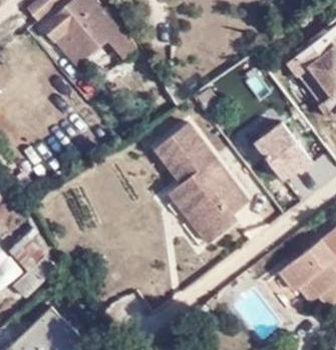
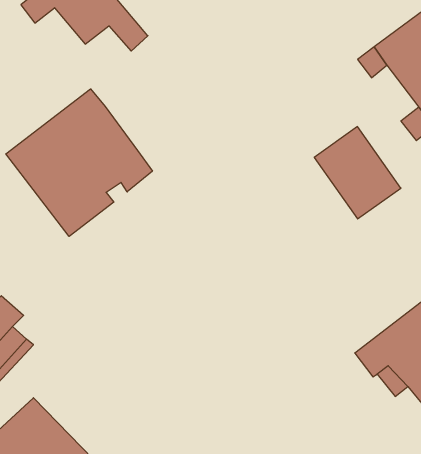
building: none -> [6,89,152,236]
building: [148,126,243,246] -> none

